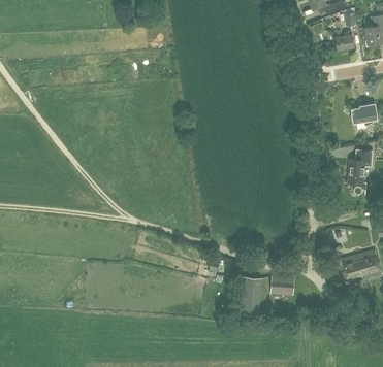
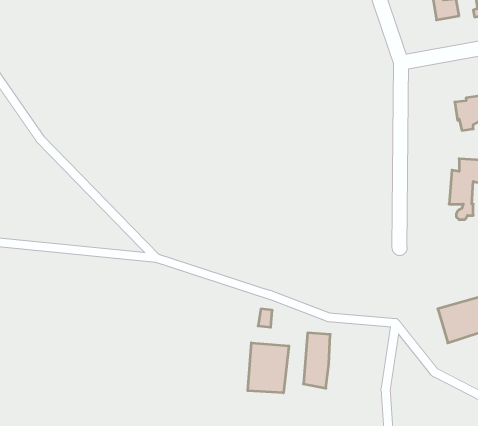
building: [268,276,293,296] -> none
building: none -> [248,343,289,393]

